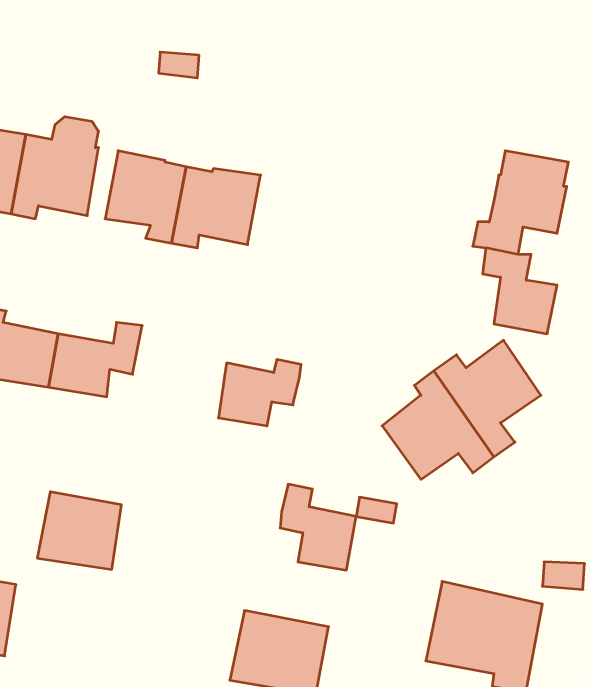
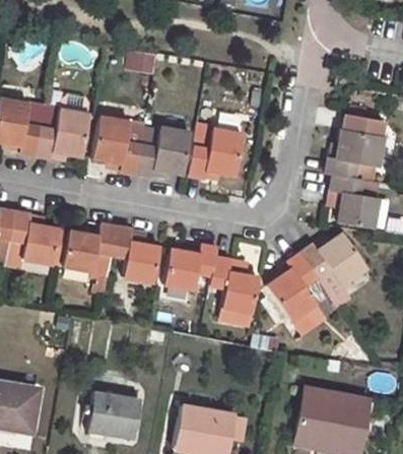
building: none -> [189,128,244,178]
building: none -> [112,225,160,281]
building: [280,484,356,570] -> [211,258,259,312]
building: [37,492,121,569] -> [86,390,139,439]

